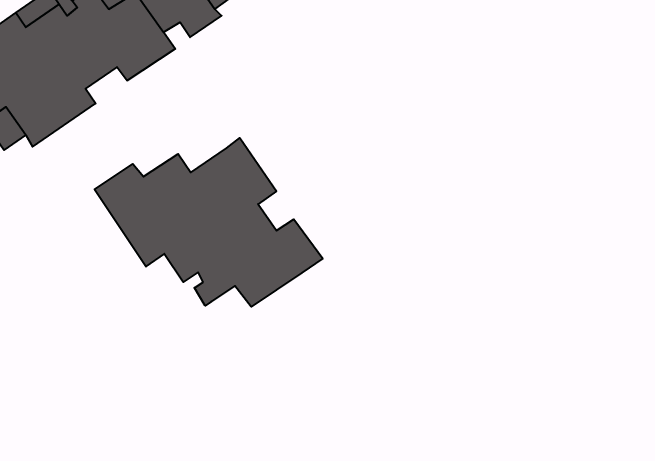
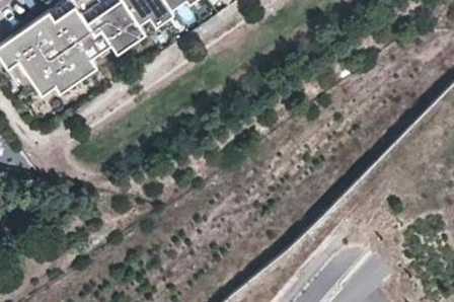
building: [95,138,323,307] -> none

